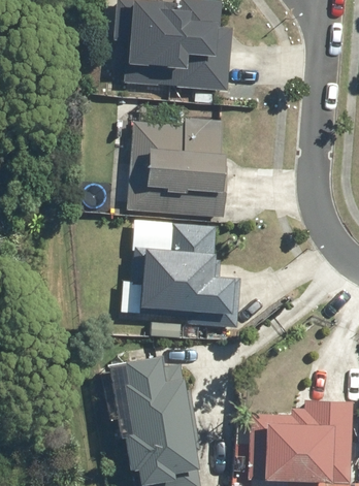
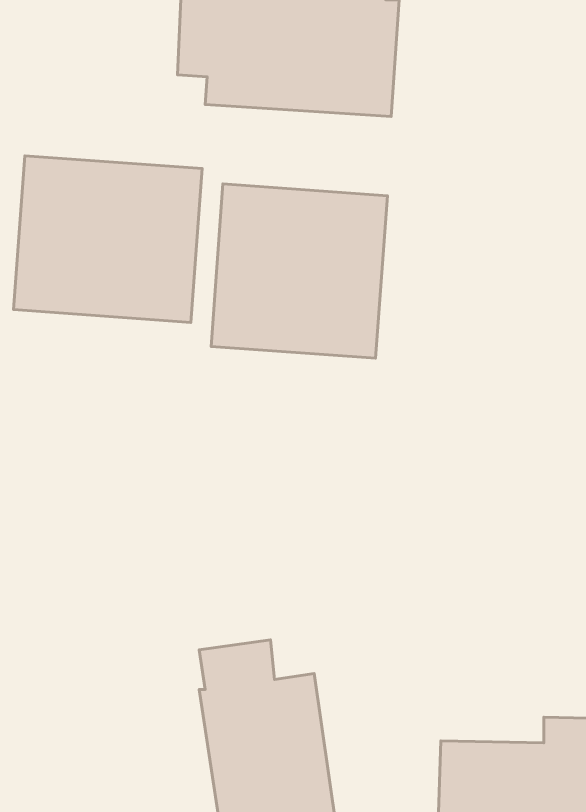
building: none -> [14,156,202,322]
building: [132,223,241,327] -> none

